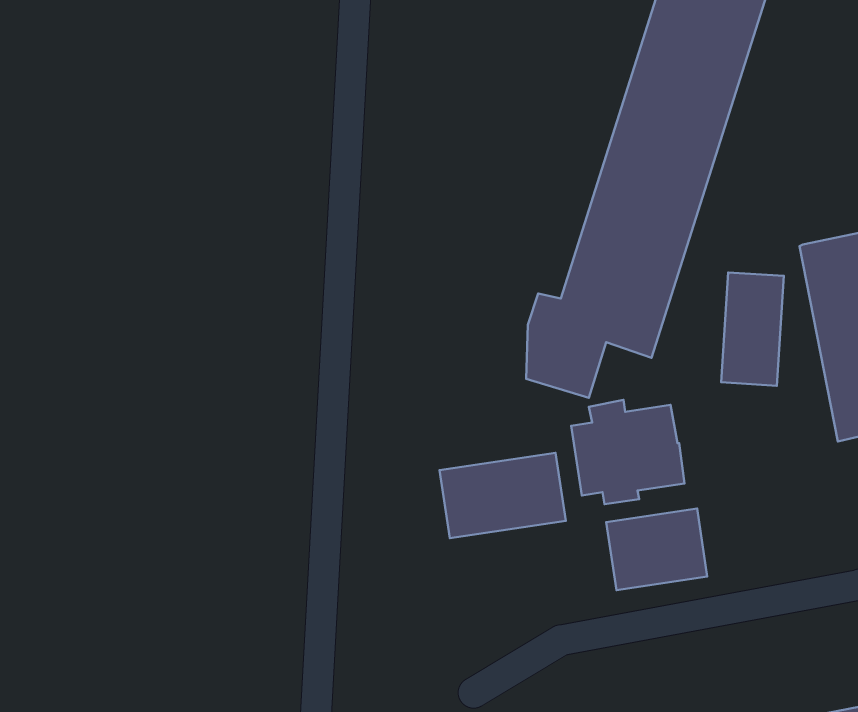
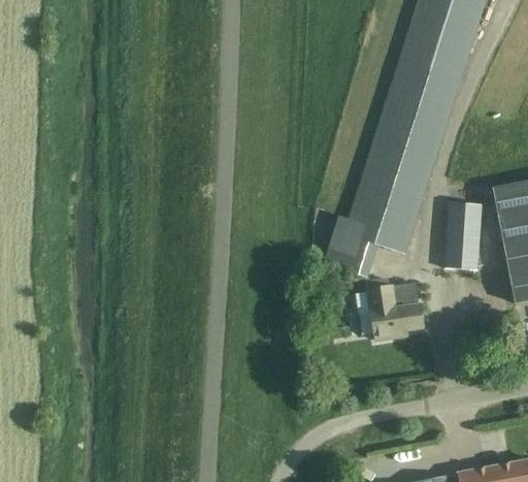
building: [440,453,566,538] -> none
building: [606,508,707,590] -> none

